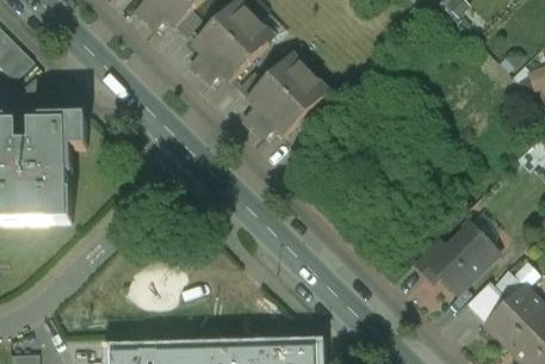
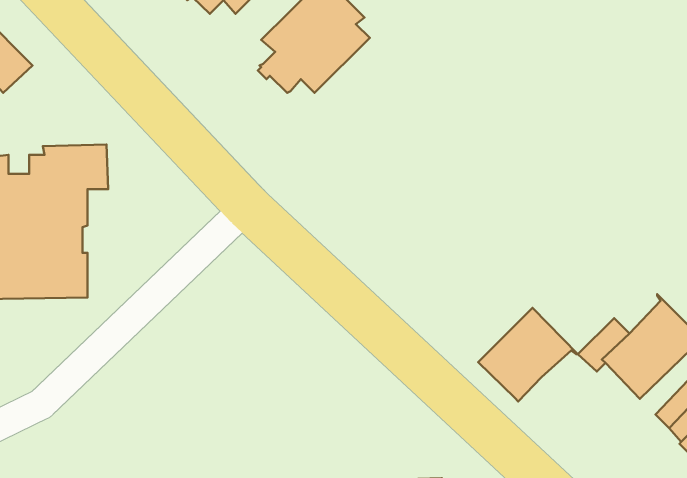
building: [244,60,322,135] -> none
building: none -> [478,308,578,402]

